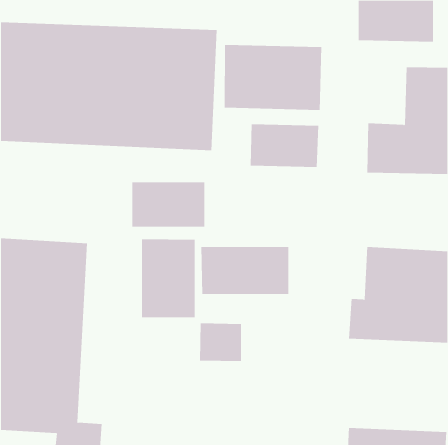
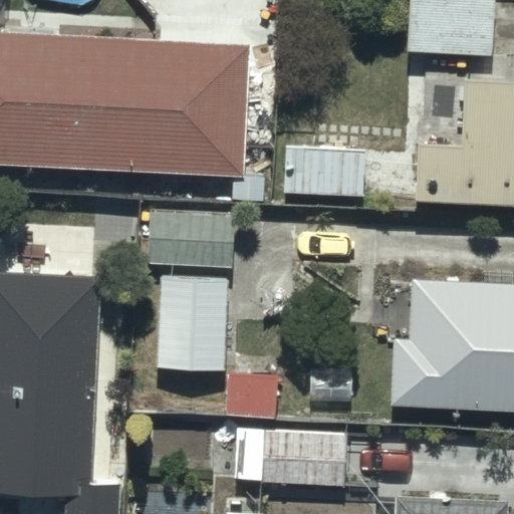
building: [224,44,322,111] -> none
building: [201,246,289,295] -> none
building: none -> [235,429,348,490]

